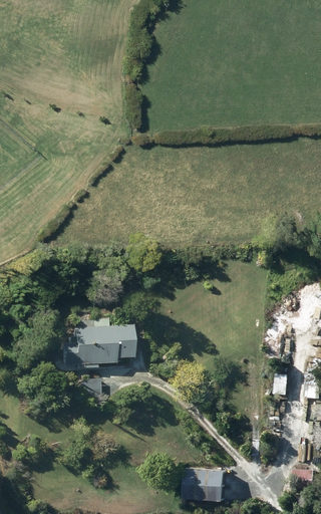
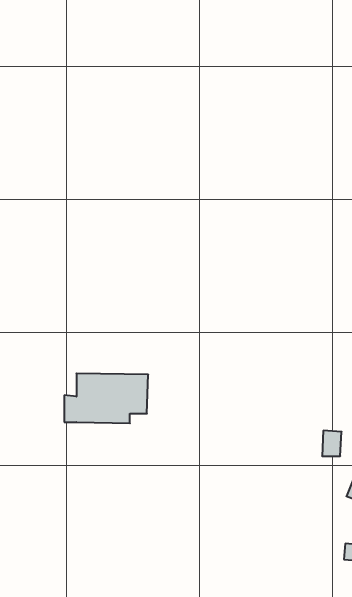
building: [185,467,227,501] -> none

